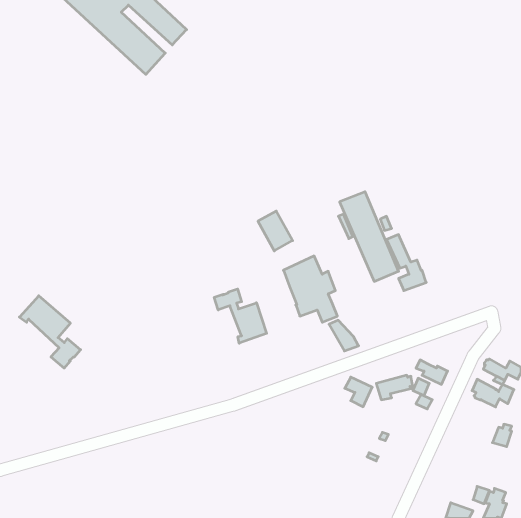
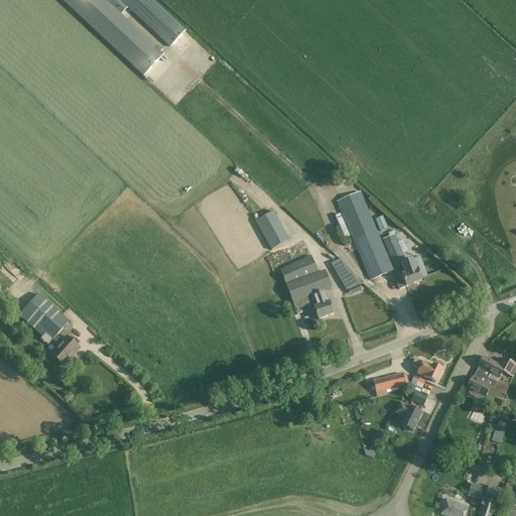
building: [214,289,267,343] -> none
building: [329,320,359,351] -> [331,257,360,287]
building: [345,377,372,407] -> [394,400,421,429]

